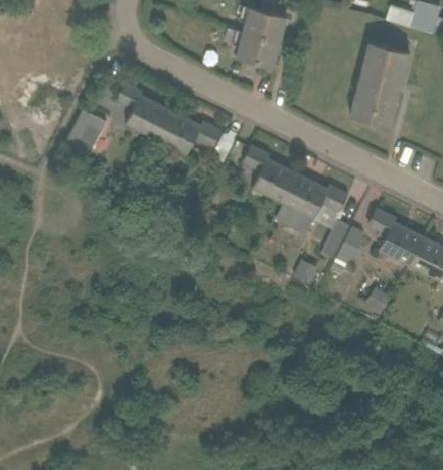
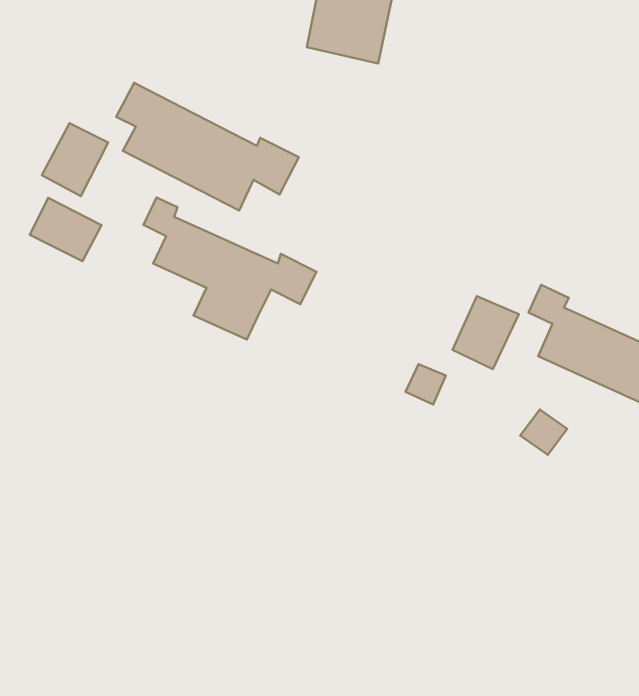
building: [351,42,409,121] -> none
building: [242,145,349,234] -> [144,197,316,340]
building: none -> [30,198,102,261]

